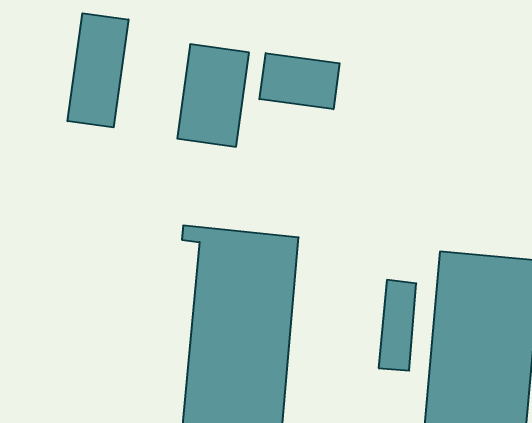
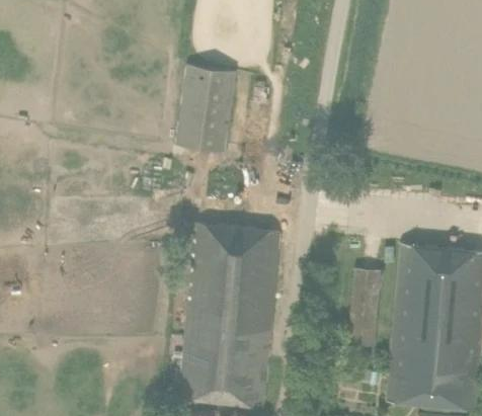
building: [68,13,128,127] -> none
building: [259,53,340,109] -> none

